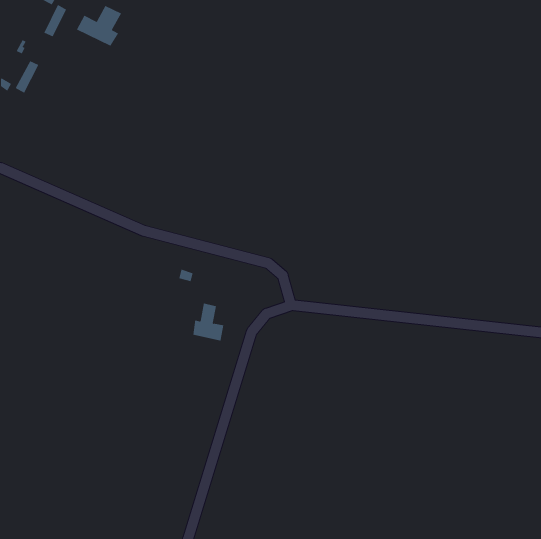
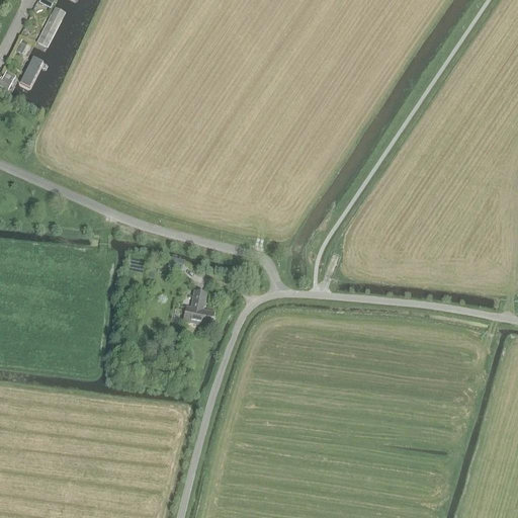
building: [76,5,122,47] -> none

